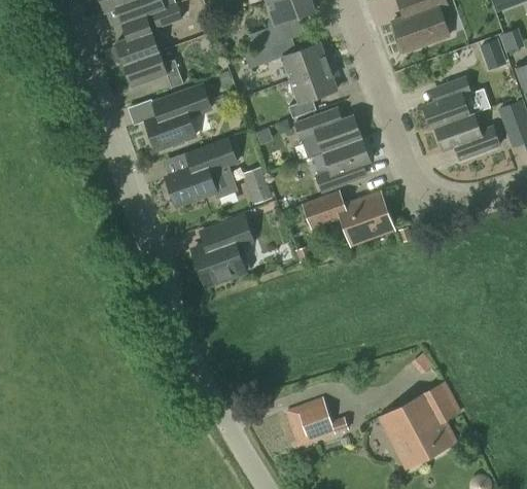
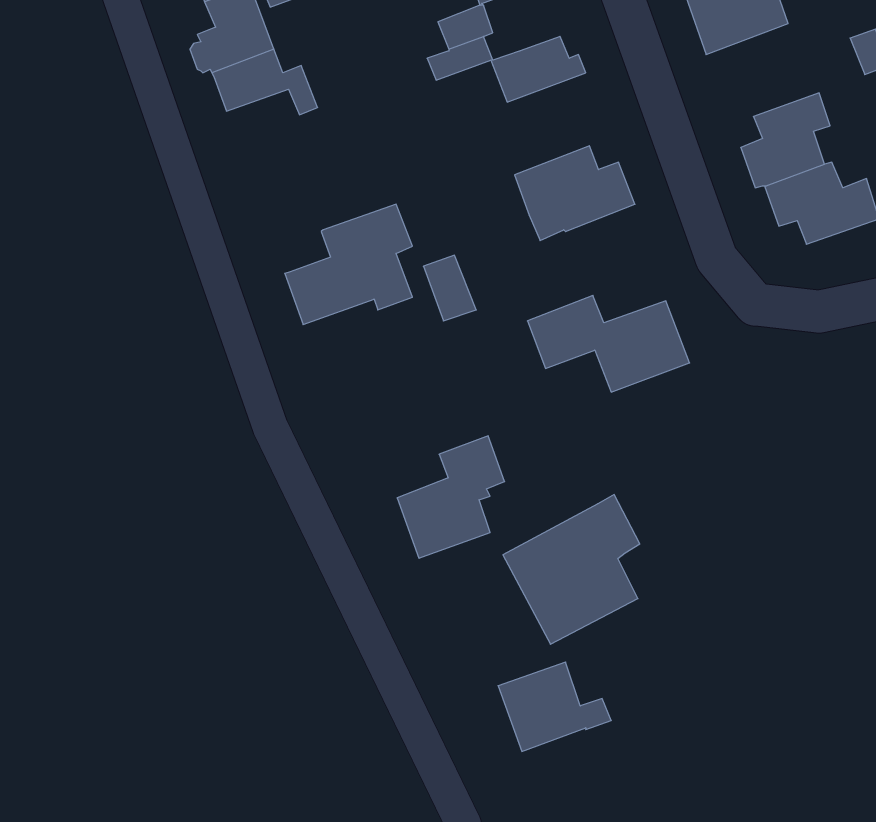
building: [289,64,339,117] -> none
building: [145,84,211,149] -> none
building: [315,138,372,194] -> none
building: [191,216,252,285] -> [397,436,505,558]
building: [380,383,457,467] -> [503,495,640,644]

